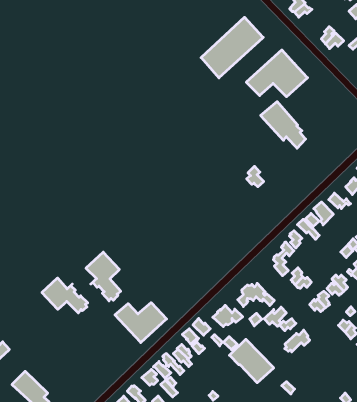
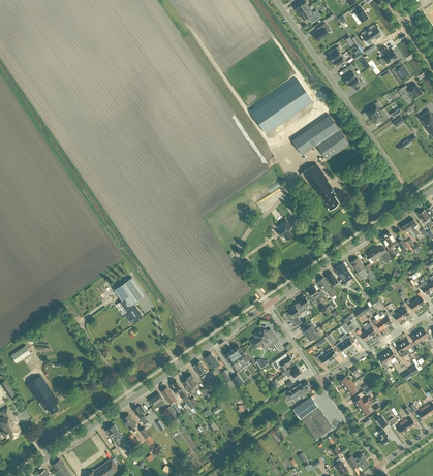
building: [42,278,88,313] -> none
building: [115,303,167,343] -> none
building: [229,339,274,383] -> [292,396,332,439]

